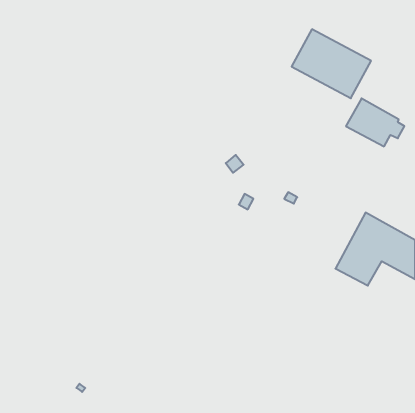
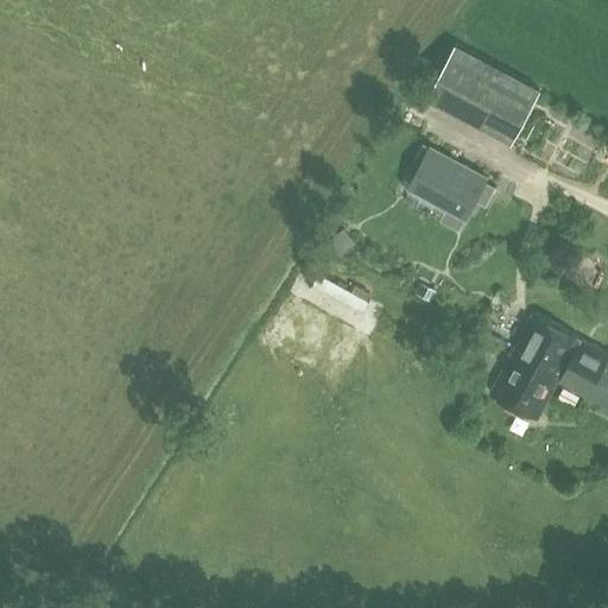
building: [346,98,404,146] -> [406,154,492,224]

